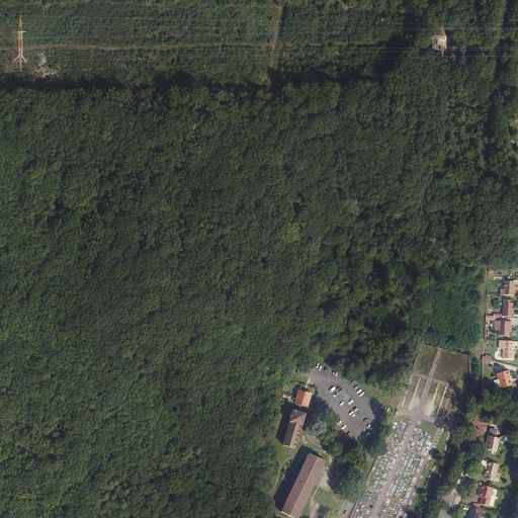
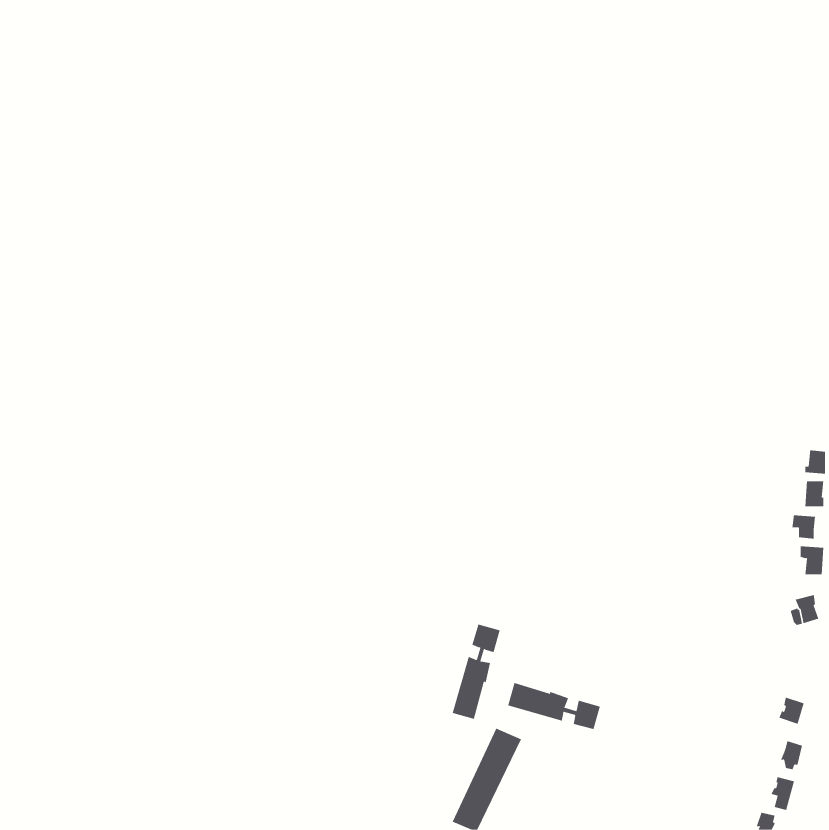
building: none -> [507,682,601,730]

